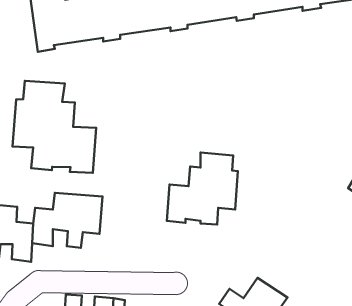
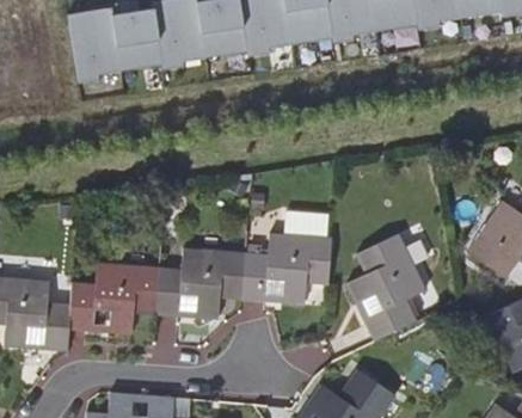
building: [13,81,96,173] -> none
building: none -> [345,235,425,342]
building: none -> [155,246,245,319]

